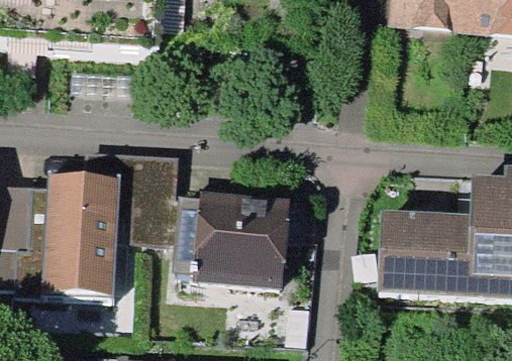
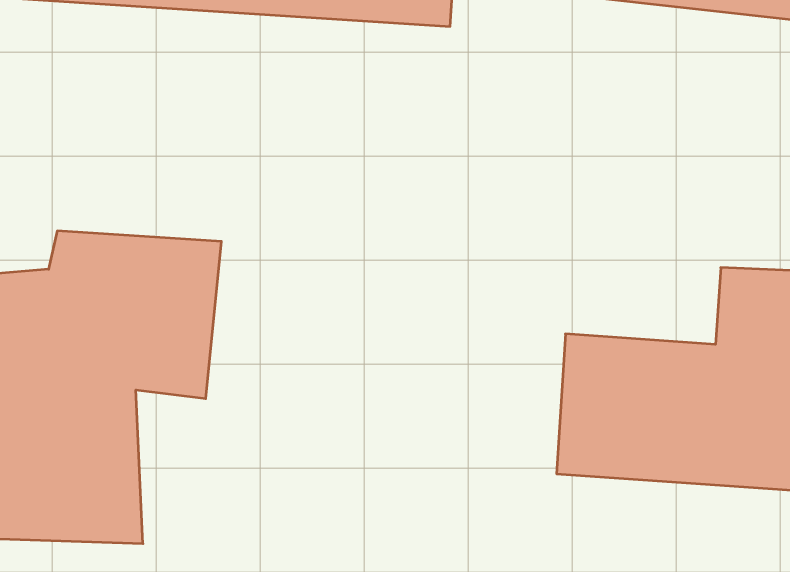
building: [175,191,289,293] -> none

